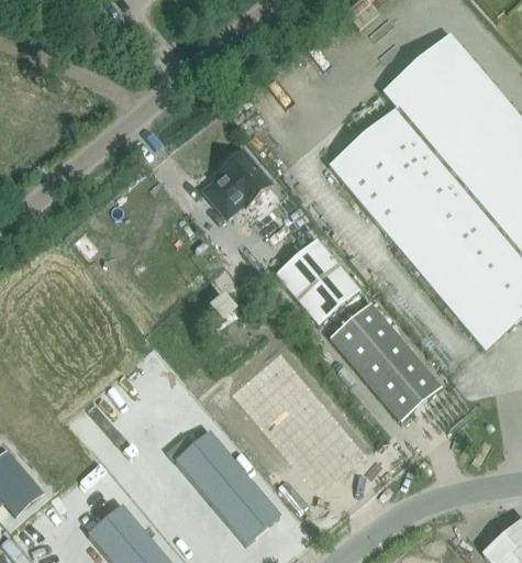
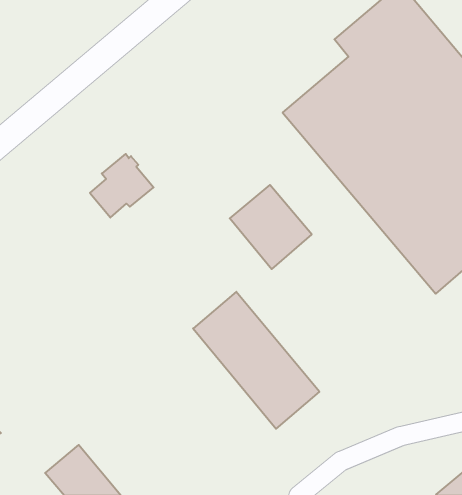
building: [206,151,270,216] -> [90,154,154,218]
building: [331,303,441,420] -> none
building: [175,430,280,543] -> none

